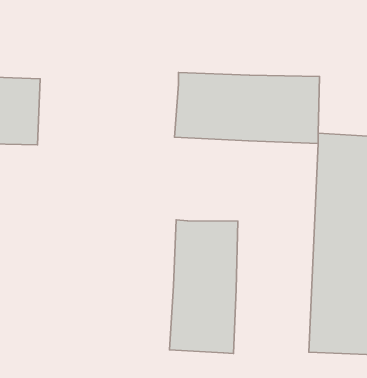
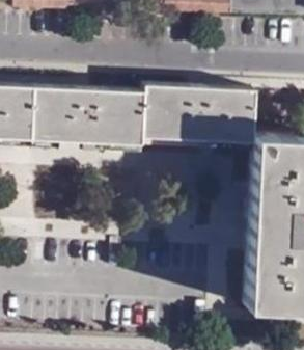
building: none -> [33,88,144,144]
building: [170,220,238,354] -> none

